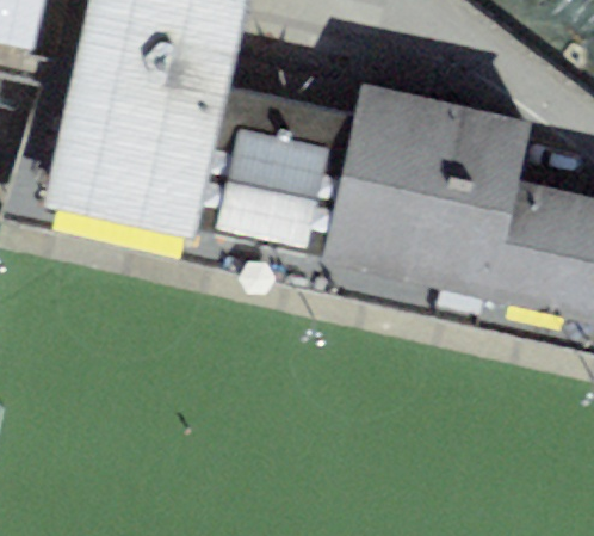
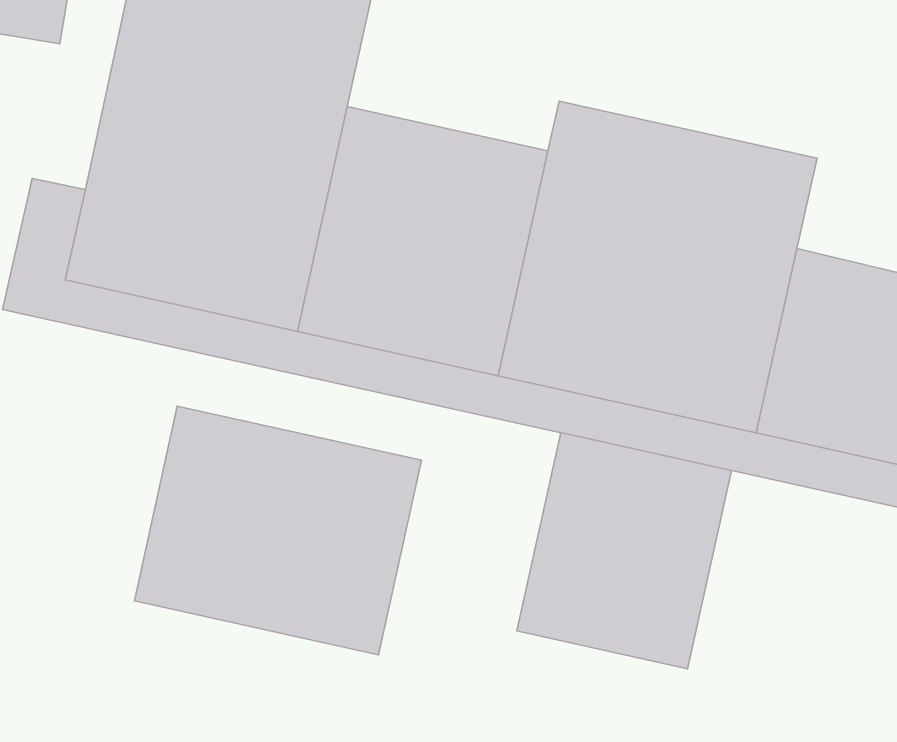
building: none -> [134,406,421,655]
building: none -> [517,433,731,669]

